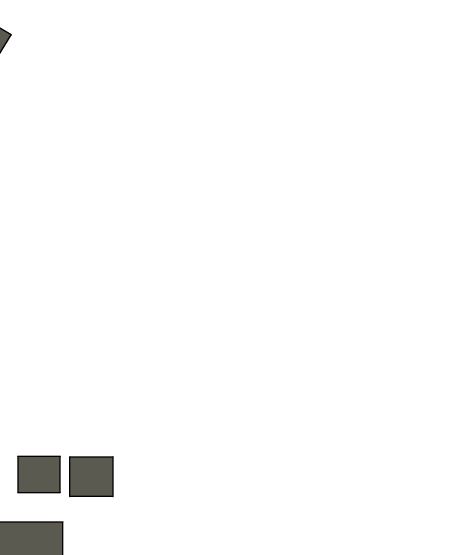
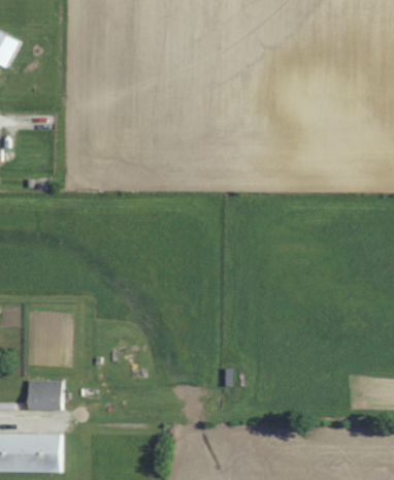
building: [70,457,113,497] -> none

